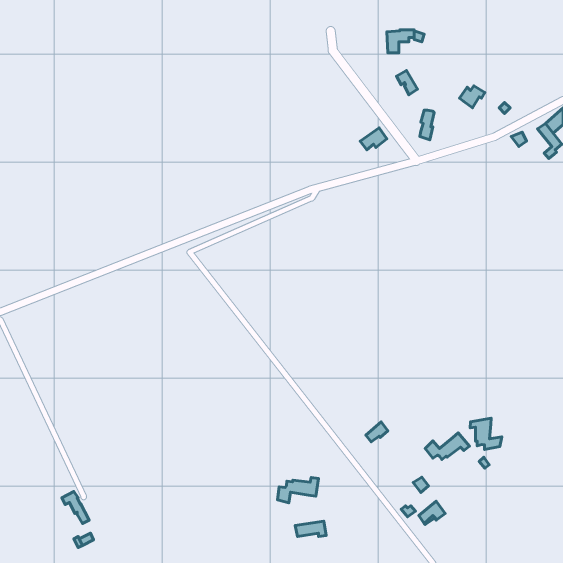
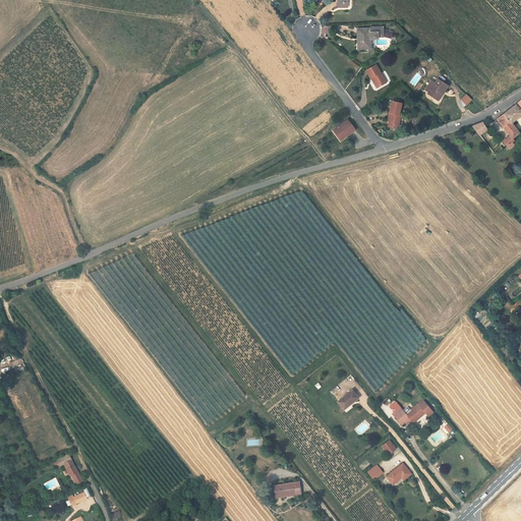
building: [470,418,502,450] -> none
building: [278,477,319,503] -> none

